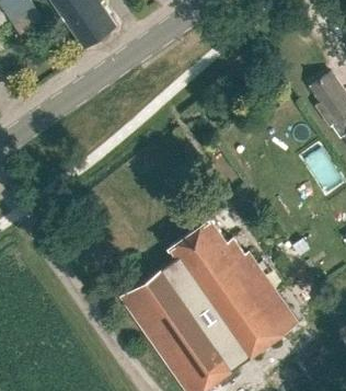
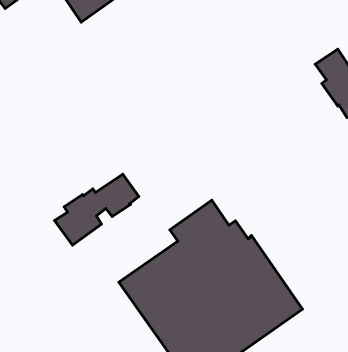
building: none -> [55,174,139,245]

